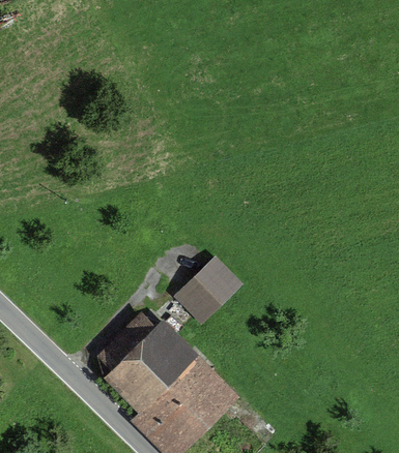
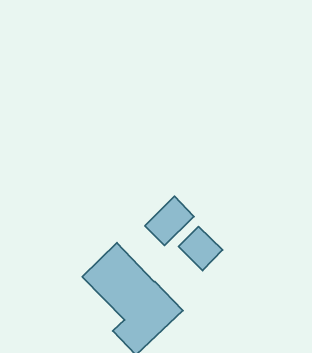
building: none -> [179,227,223,271]

